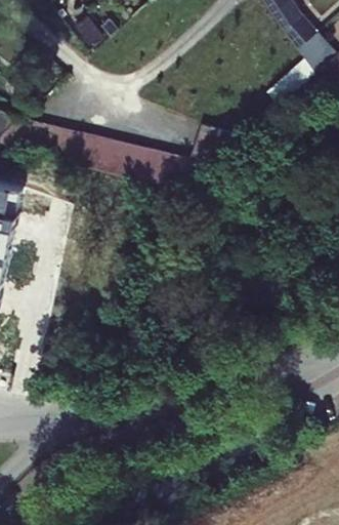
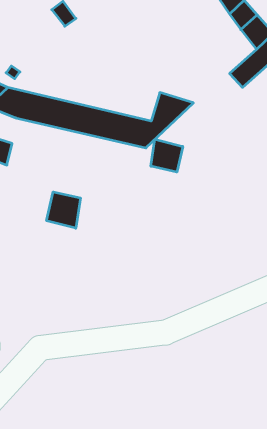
building: none -> [151,139,183,172]
building: none -> [47,192,80,228]

